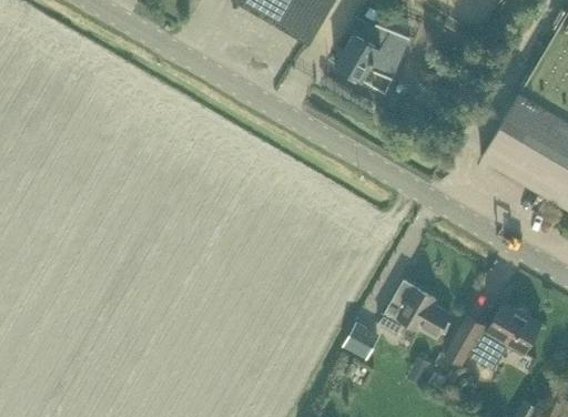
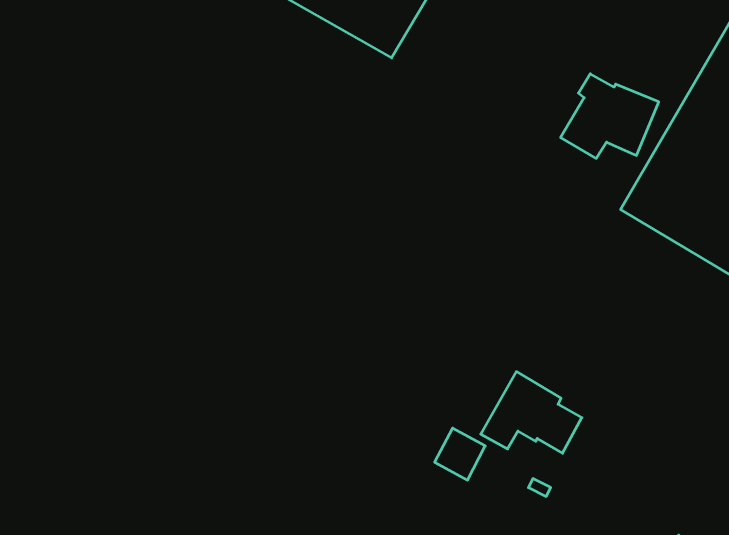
building: [335,18,408,81] -> [561,74,659,158]
building: [446,303,541,370] -> none

